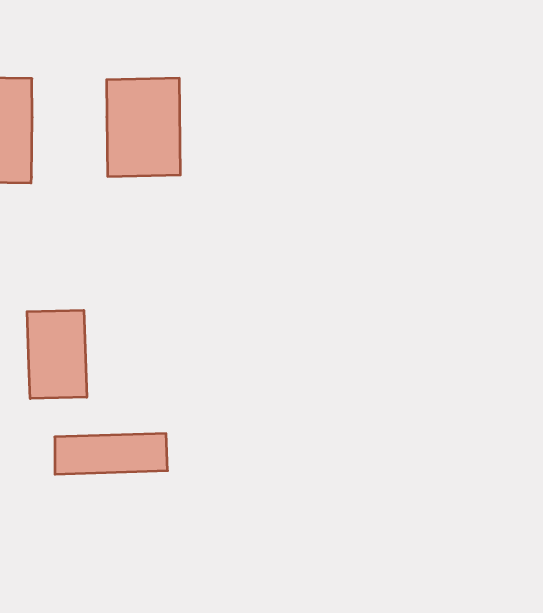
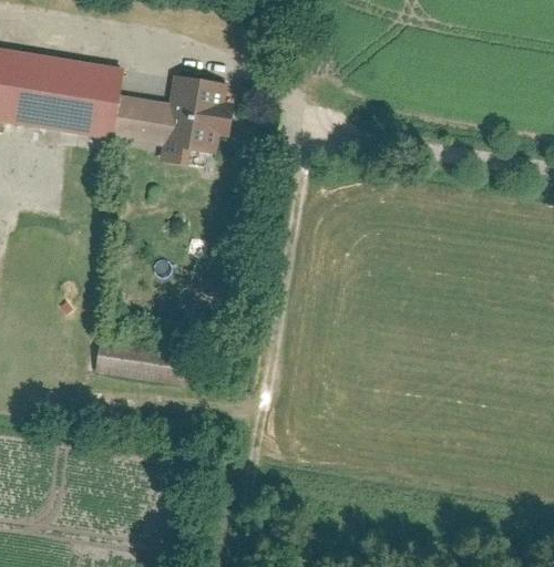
building: none -> [110,96,173,150]
building: [27,310,87,399] -> none

